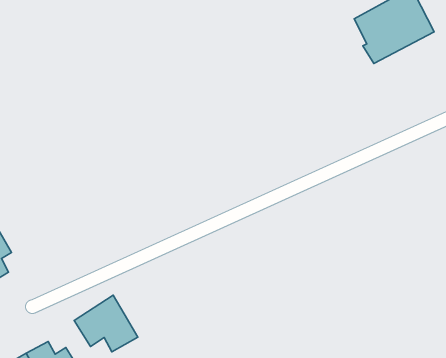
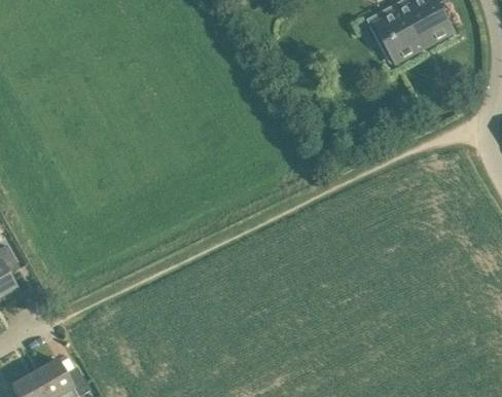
building: [74,295,138,352] -> none

